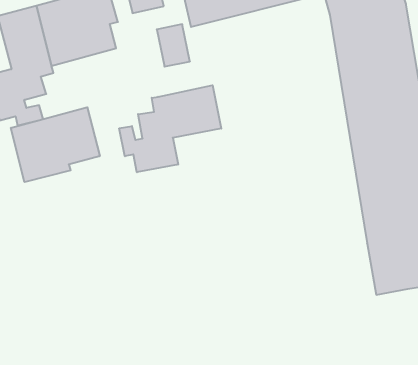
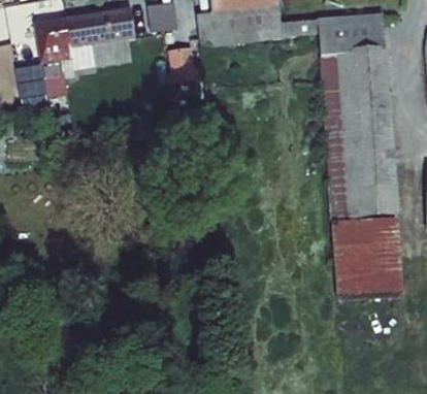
building: [119,85,221,172] -> none
building: [11,107,100,182] -> none

